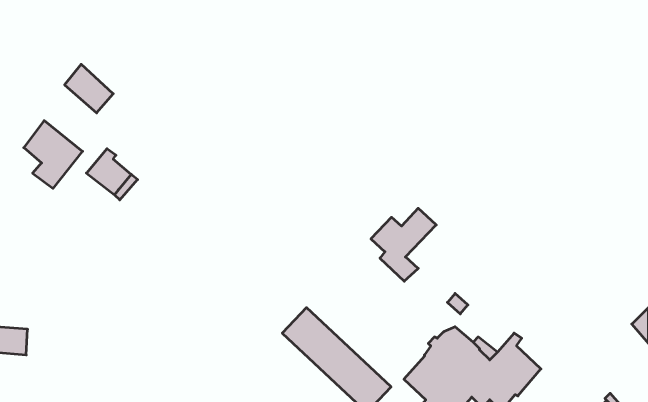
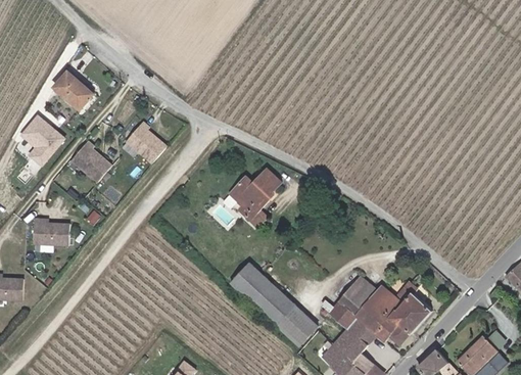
building: none -> [126,116,165,158]
building: [371,208,436,281] -> [232,169,284,227]
building: none -> [33,218,69,245]

